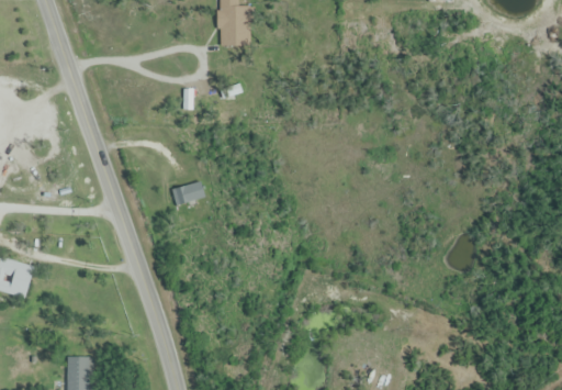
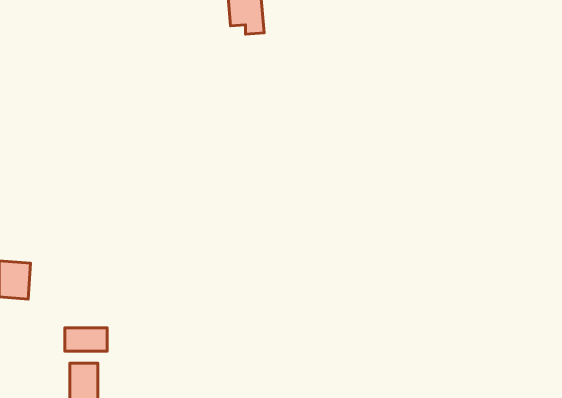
building: [172,179,205,205] -> none
building: none -> [65,328,107,351]

